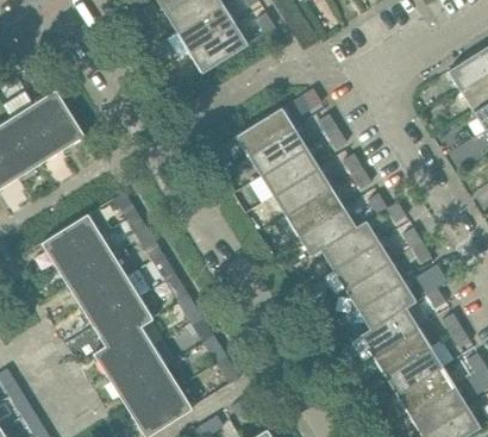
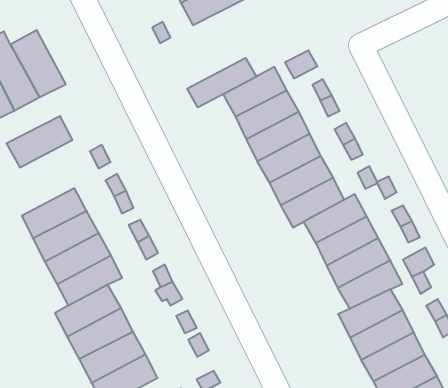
building: none -> [187,58,256,107]
building: [40,213,102,264] -> [6,116,72,167]

